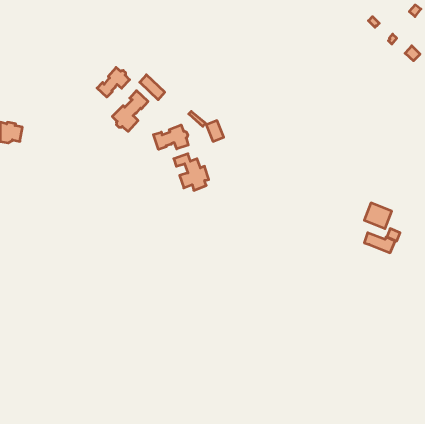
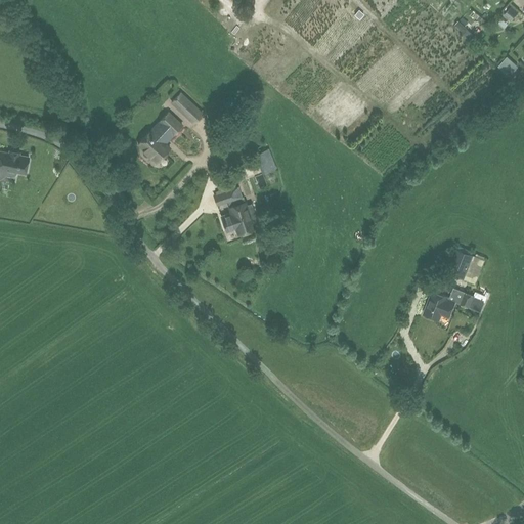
building: [97,67,130,97] -> none
building: [153,125,188,149] -> none
building: none -> [424,291,454,320]

